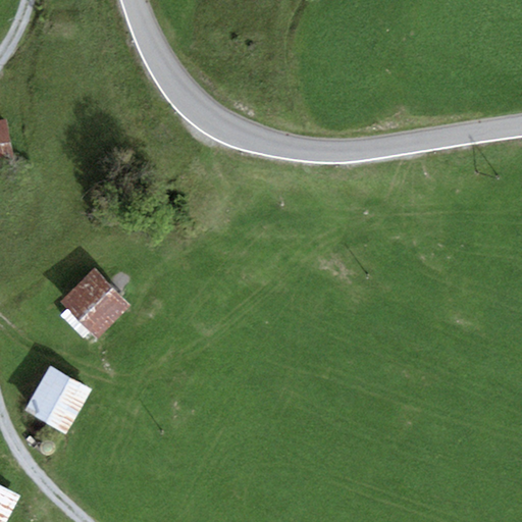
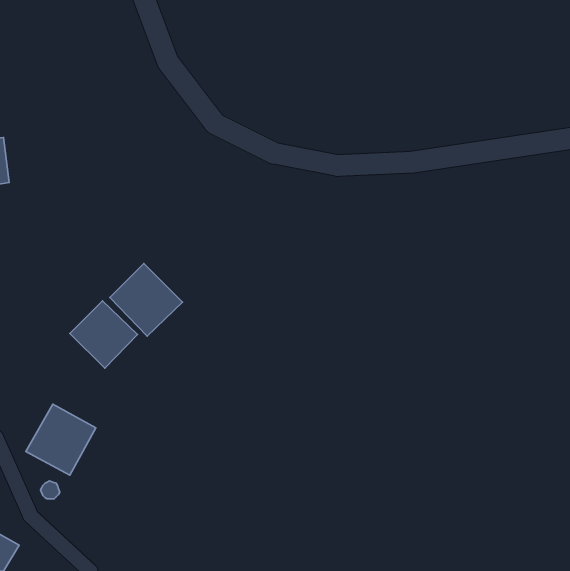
building: none -> [110,263,183,336]

